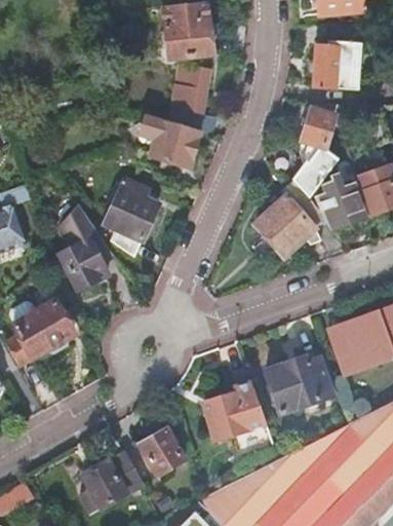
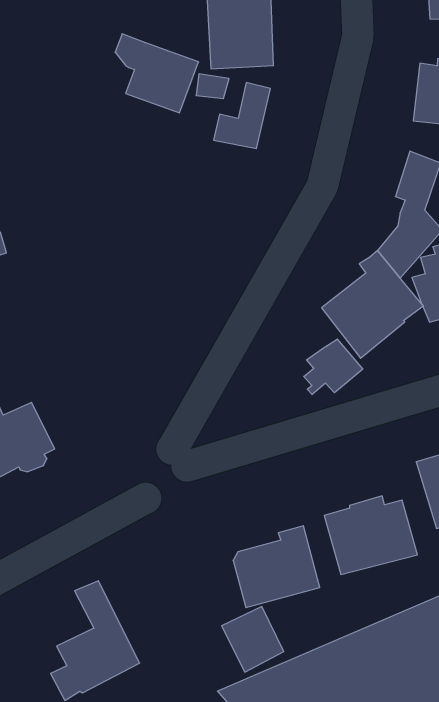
building: [140,115,199,168] -> [115,34,199,113]
building: [104,181,157,258] -> none
building: [58,205,114,290] -> none
building: none -> [304,339,363,395]
building: [139,428,184,476] -> [222,607,284,672]

